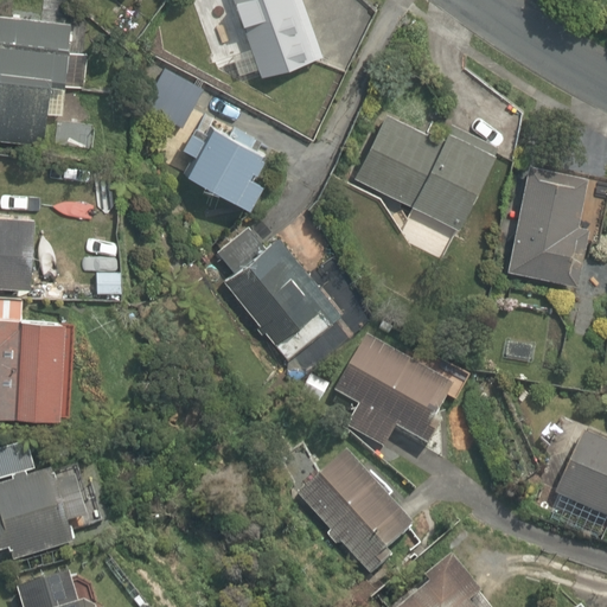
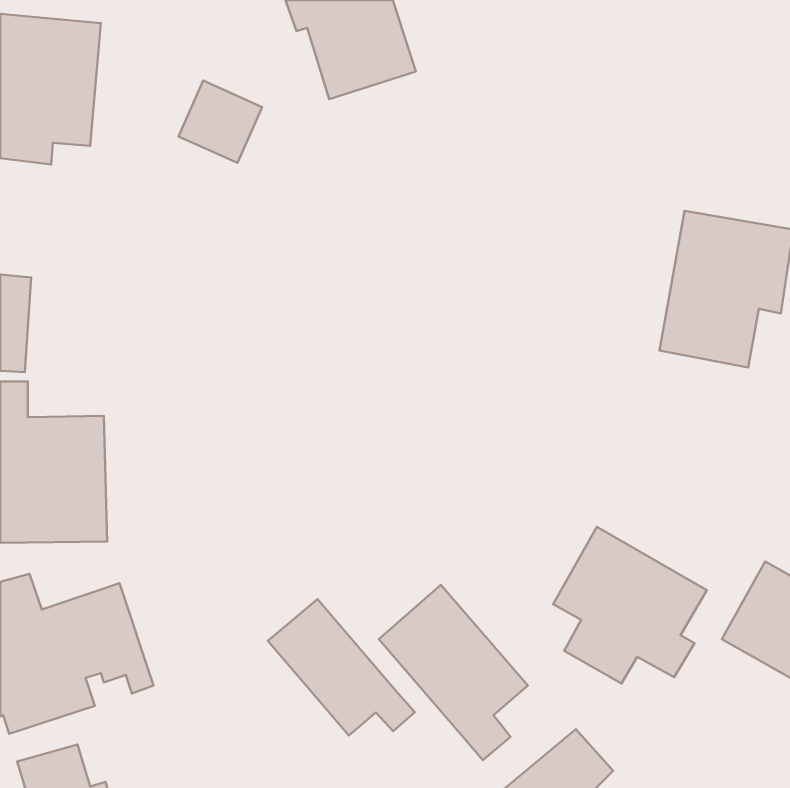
building: [353,116,499,230] -> none
building: [180,122,262,206] -> none
building: [218,229,340,364] -> none
building: [331,333,448,453] -> [553,527,707,683]
building: none -> [268,599,415,735]

